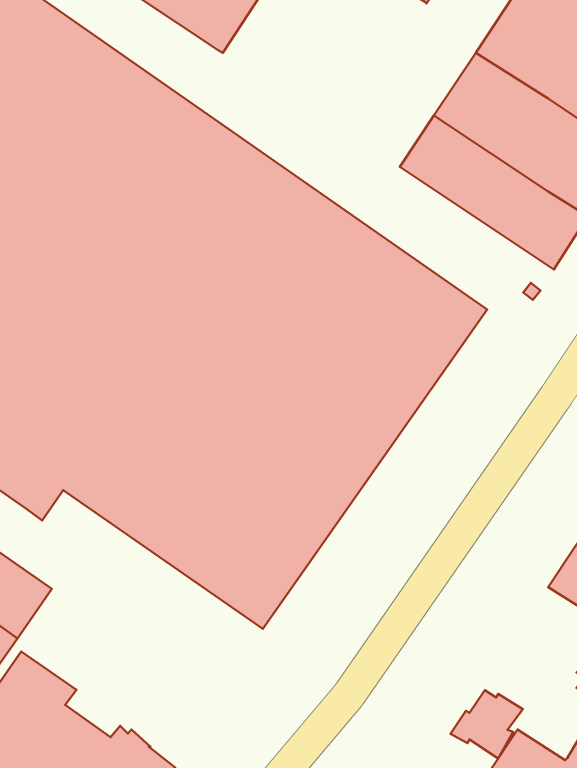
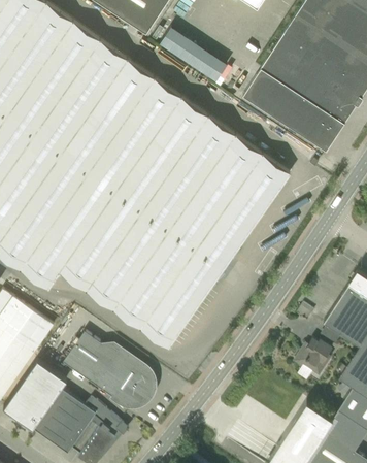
building: none -> [162,26,231,81]
building: none -> [63,332,154,406]
building: [450,690,523,758] -> [293,339,332,376]

